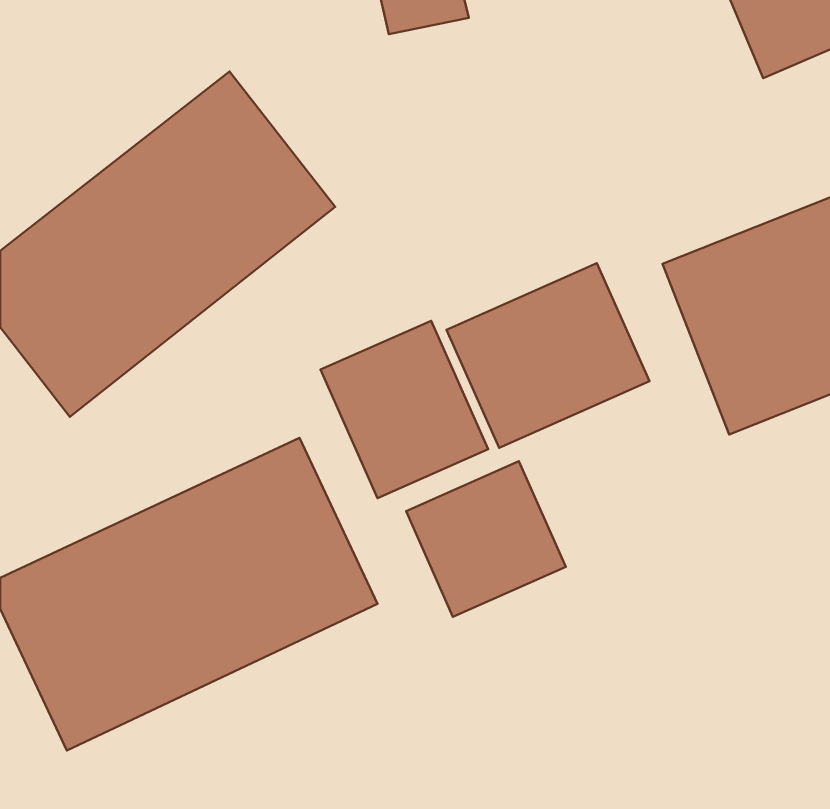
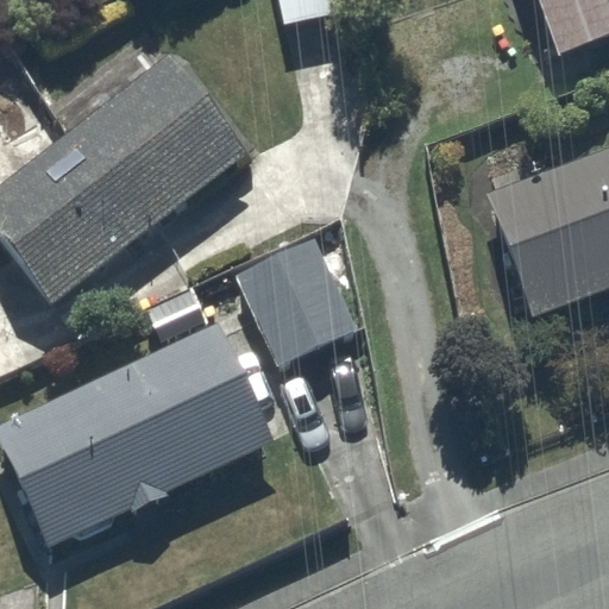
building: [447,263,649,448] -> none
building: [406,461,566,617] -> none

